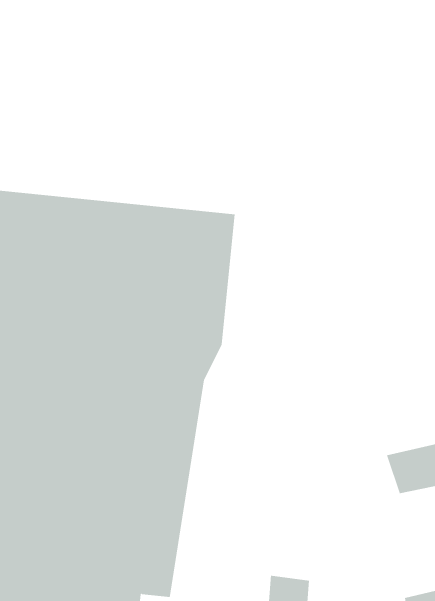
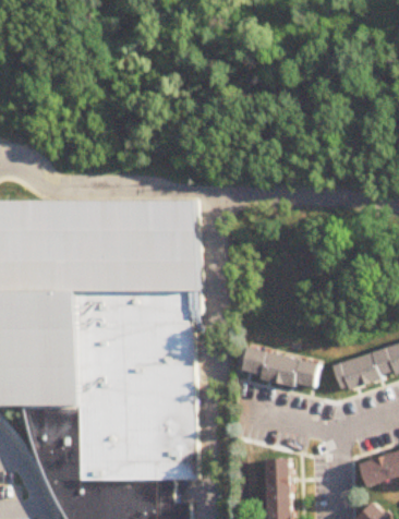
building: none -> [247,348,324,393]

